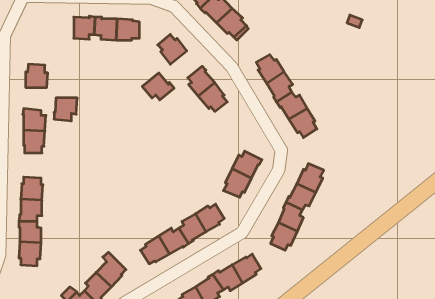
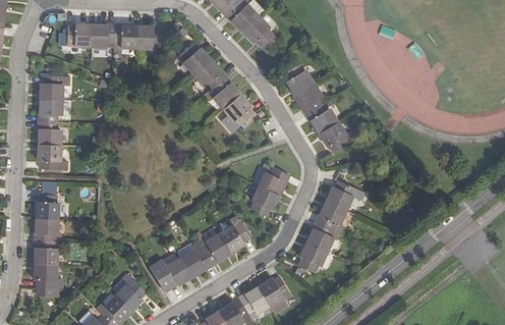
building: none -> [66,24,91,47]
building: [142,73,174,100] -> [192,60,226,89]
building: [54,98,77,121] -> [38,99,62,123]

